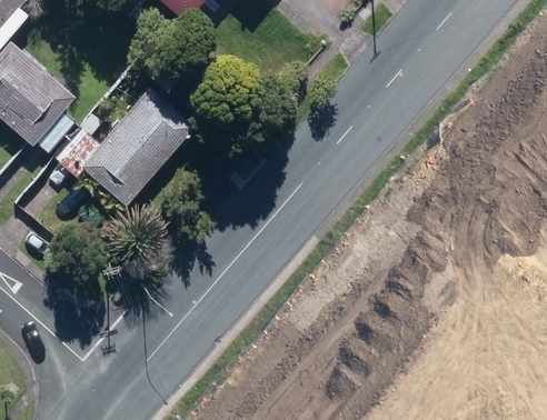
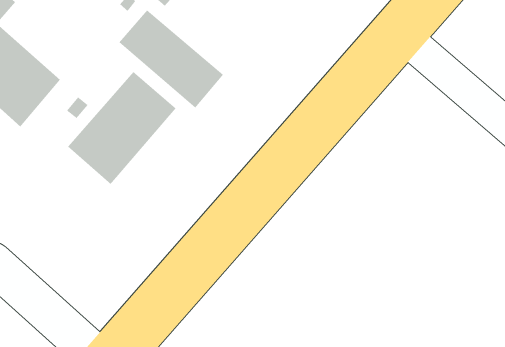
building: none -> [118,9,224,109]

